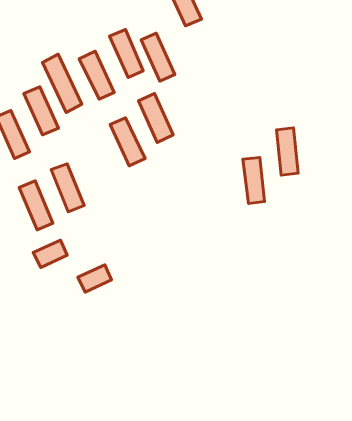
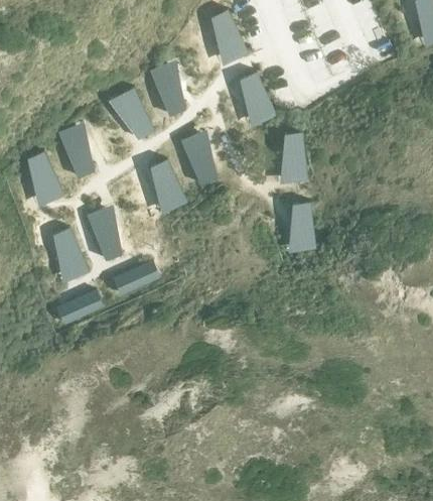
building: [141,33,175,81] -> [240,72,276,123]
building: [42,54,82,113] -> none
building: [277,128,298,175] -> [284,132,307,182]
building: [78,265,112,292] -> [113,266,149,295]

